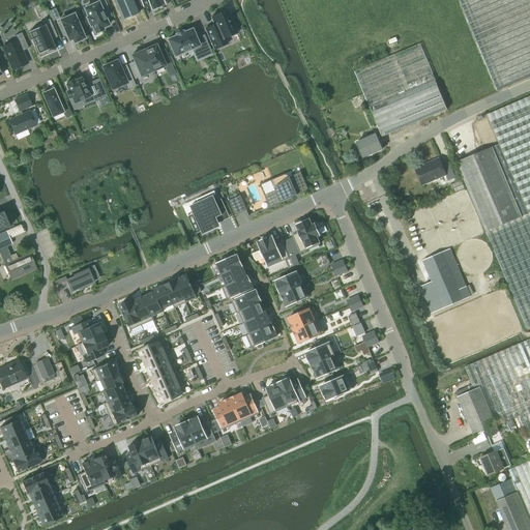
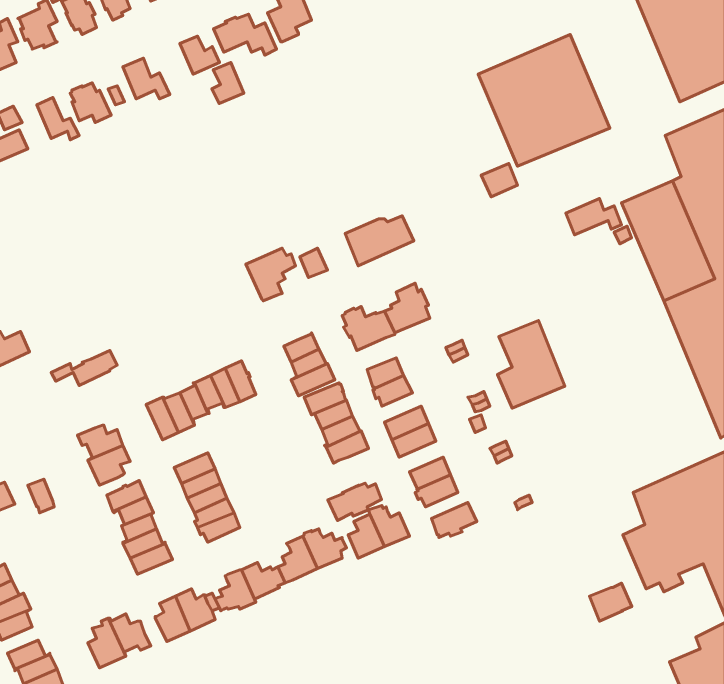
building: [129,49,152,78] -> [212,62,244,103]
building: [421,247,469,310] -> [498,320,565,408]
building: none -> [328,483,382,520]
building: [480,447,510,474] -> [589,583,632,621]

